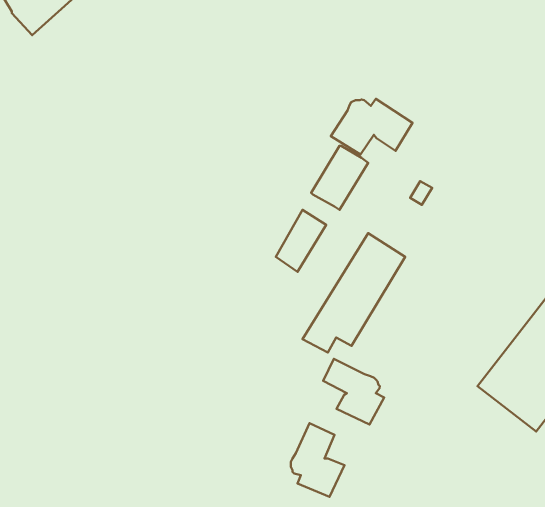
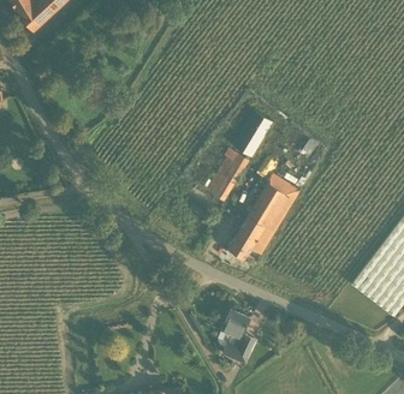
building: [331,99,413,155] -> none
building: [323,359,384,424] -> none

